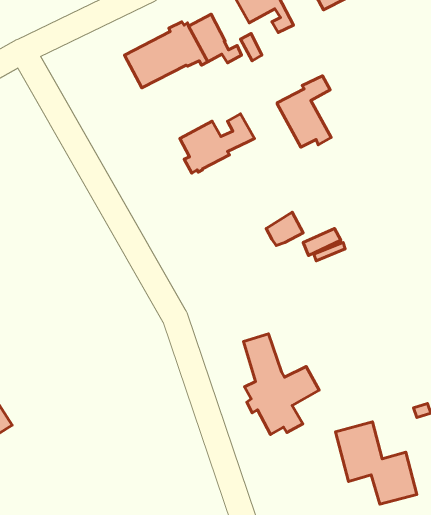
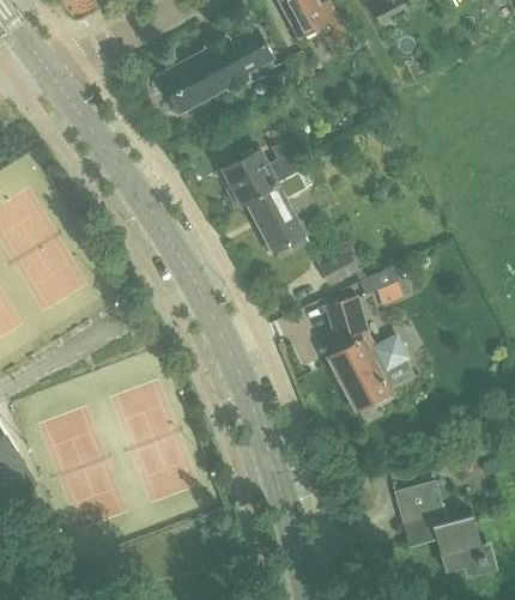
building: [277,76,331,147] -> [247,169,307,248]
building: [243,334,319,435] -> [327,296,411,407]

